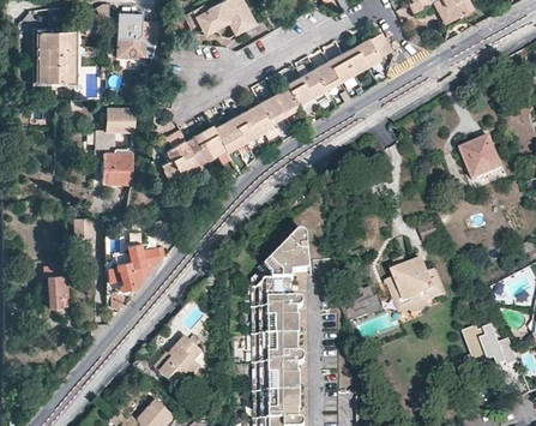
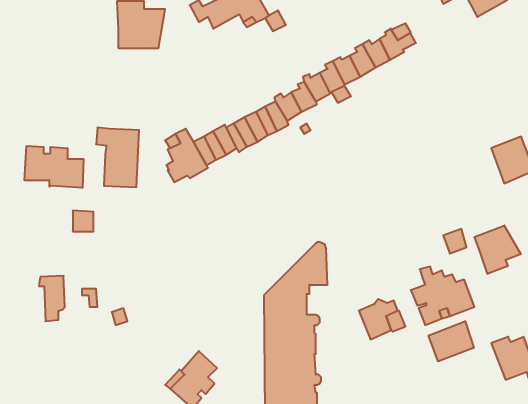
building: [37,32,76,80] -> none
building: [107,108,135,131] -> none
building: none -> [24,146,83,188]
building: none -> [474,225,521,274]
building: [107,245,159,290] -> none
building: none -> [429,321,474,361]

